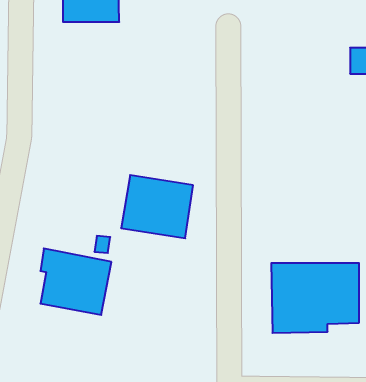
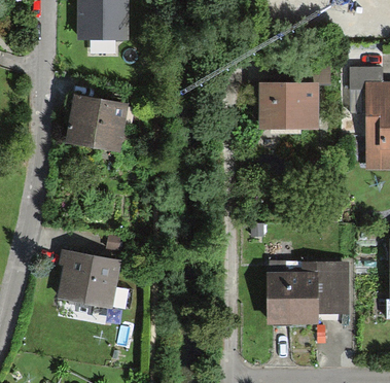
building: none -> [257,80,310,126]
building: [121,175,193,238] -> [65,95,131,152]

